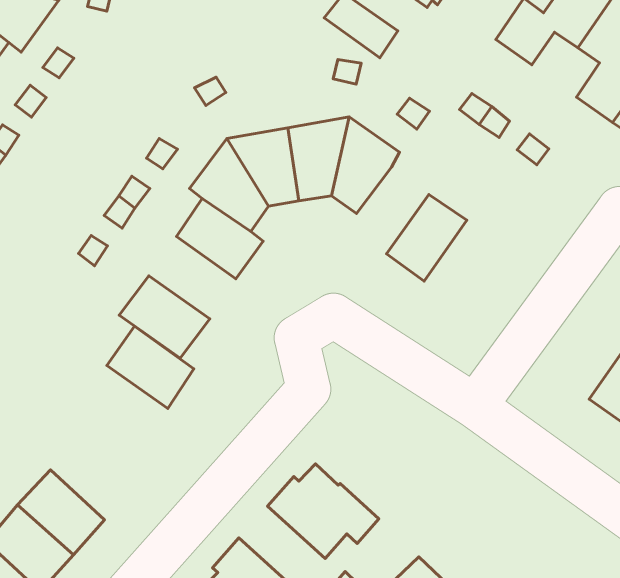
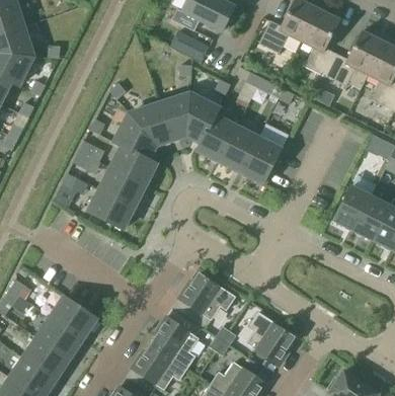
building: none -> [196,115,236,160]
building: none -> [240,137,281,183]
building: [107,326,194,409] -> [99,167,144,207]

